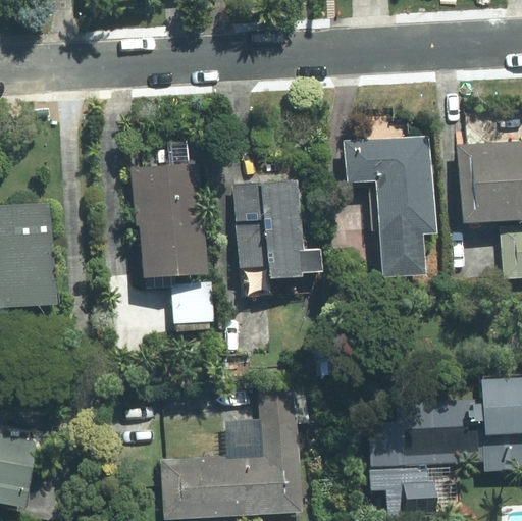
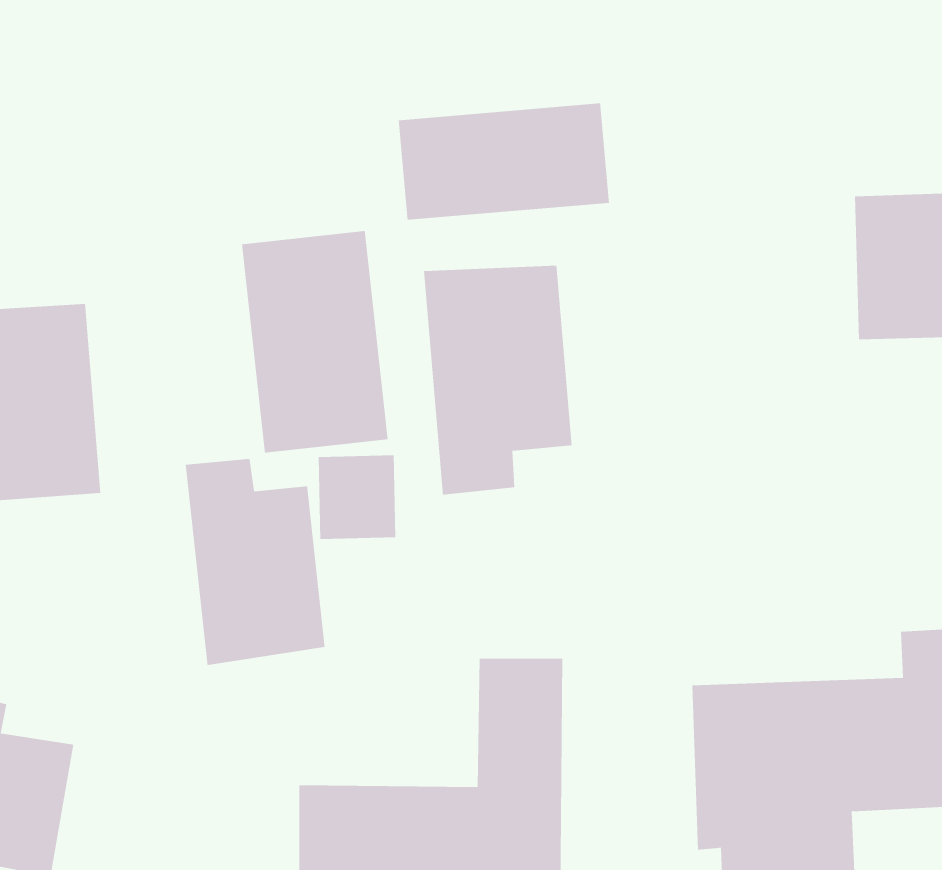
building: none -> [398,102,609,221]
building: [344,137,438,276] -> none
building: none -> [185,458,325,666]

